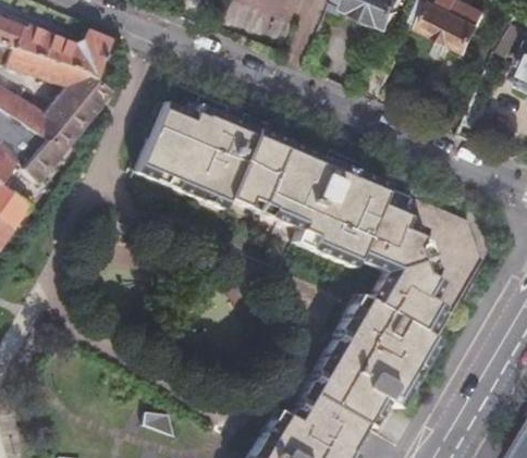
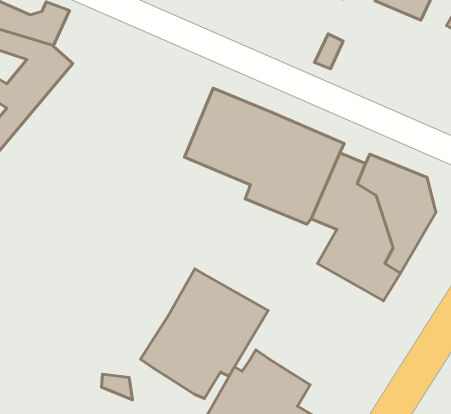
building: [128,94,254,202] -> none
building: [297,297,428,430] -> [141,269,268,399]

